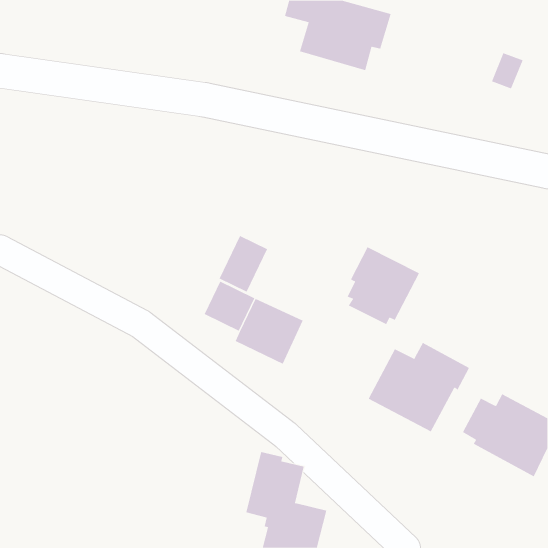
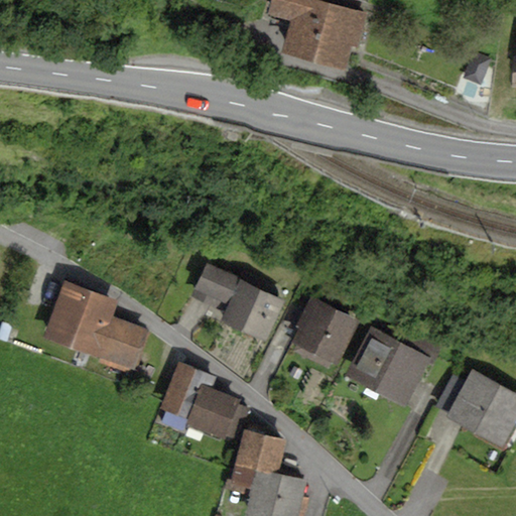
building: [219,235,268,292] -> none
building: [347,246,420,325] -> [291,295,360,369]
building: none -> [43,280,148,369]
building: none -> [159,361,250,439]

